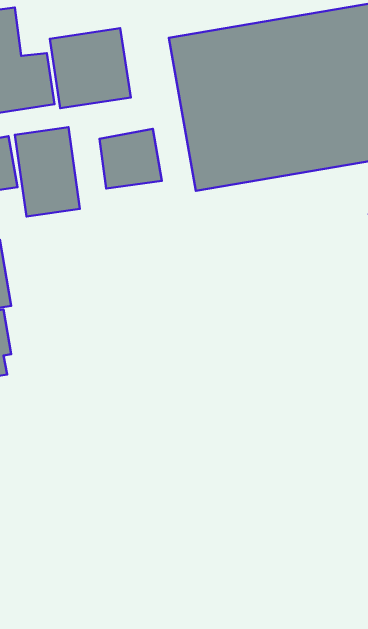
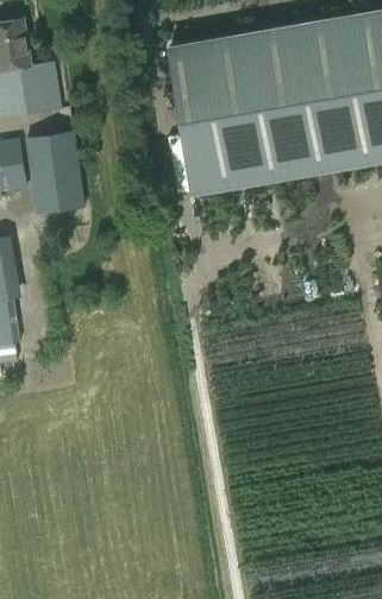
building: [50,28,131,108] -> none
building: [99,129,162,188] -> none

